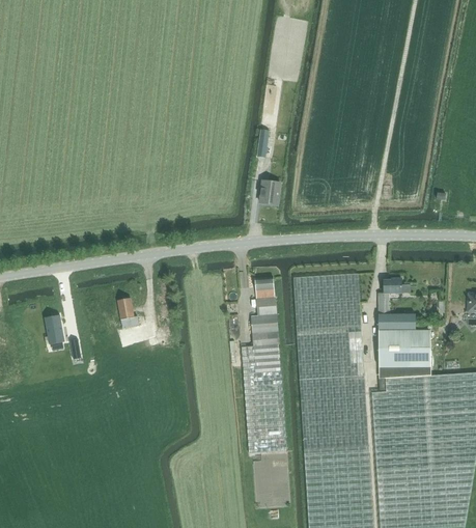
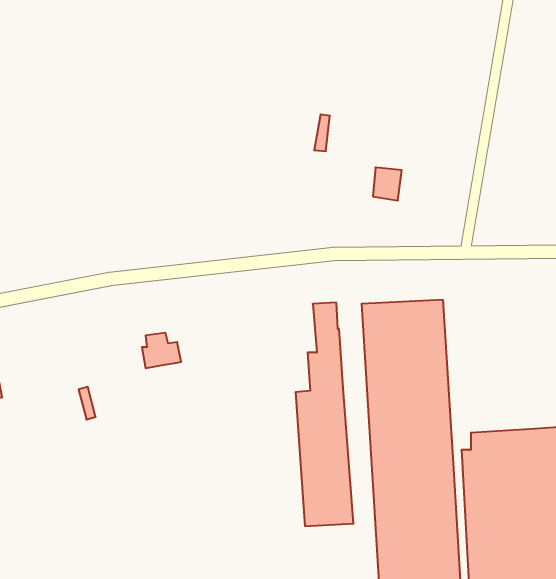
building: [260,180,283,206] -> [373,167,402,200]
building: [379,279,430,380] -> none
building: [46,315,65,344] -> none

